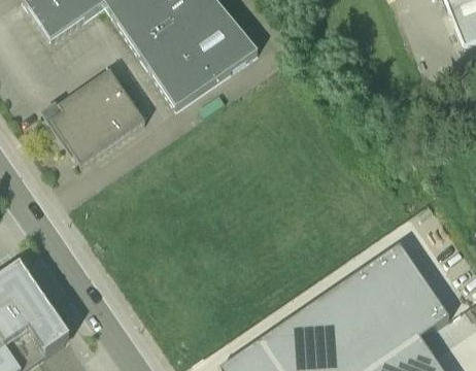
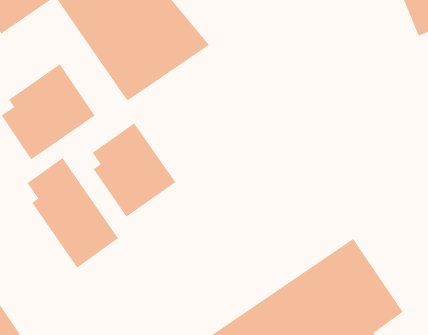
building: none -> [92,122,176,218]
building: none -> [27,157,119,268]

